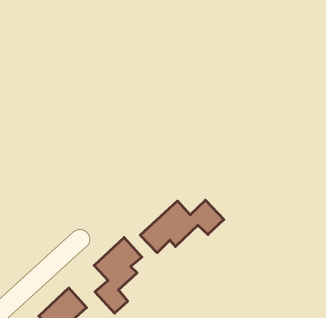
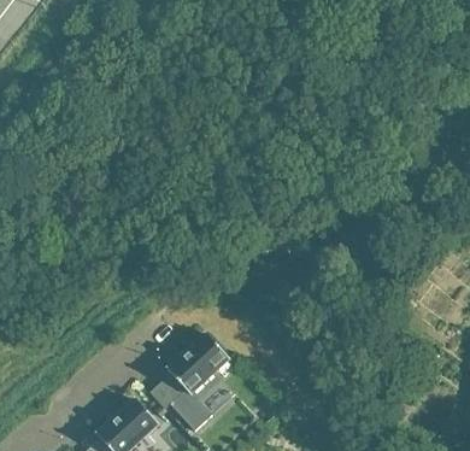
building: [140,200,224,253] -> none

